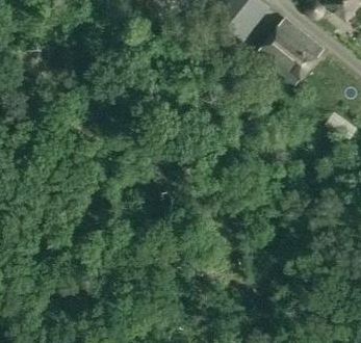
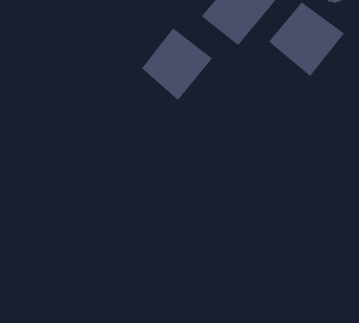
building: none -> [141,28,213,101]

